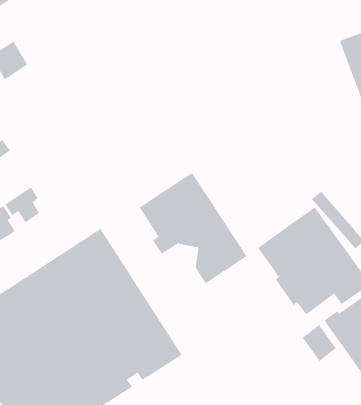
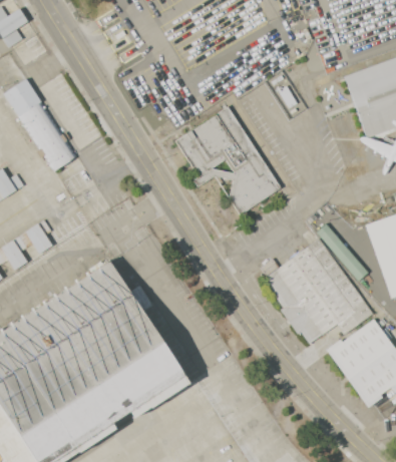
building: none -> [18,101,76,171]
building: [139,172,248,284] -> [175,106,281,214]
building: [302,324,337,362] -> none

